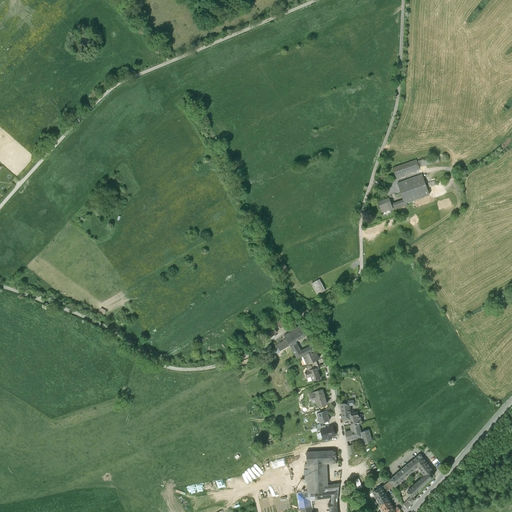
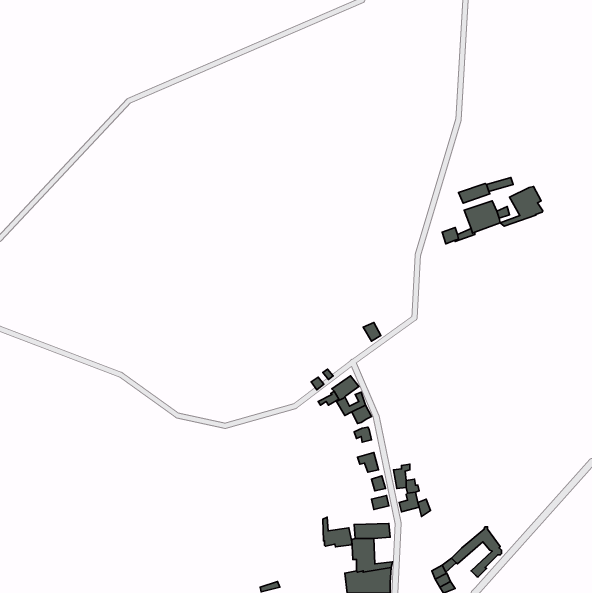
building: none -> [500,187,543,226]
building: none -> [323,517,352,547]

